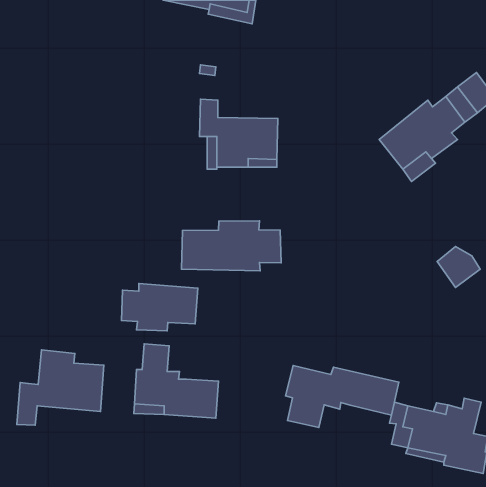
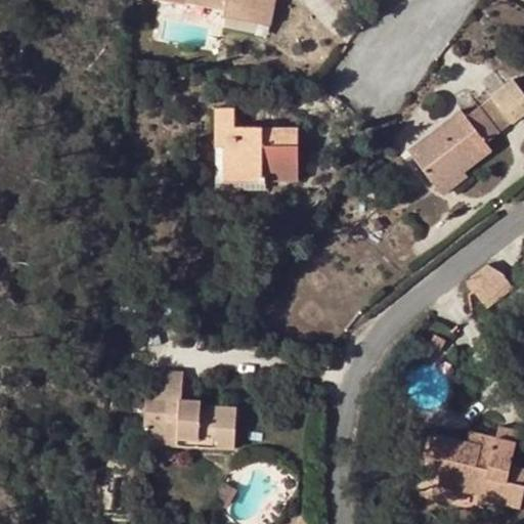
building: [181,221,281,271] -> none
building: [121,283,198,331] -> none
building: [17,350,104,425] -> none
building: [286,366,399,428] -> none

